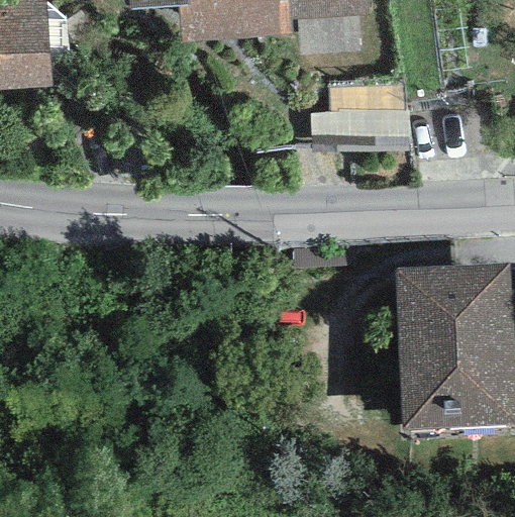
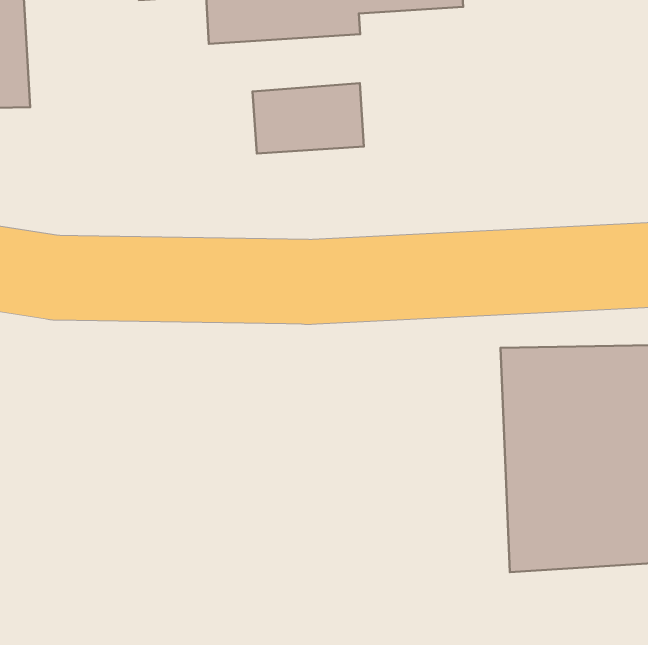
building: [332,80,414,131] -> [253,83,364,153]

